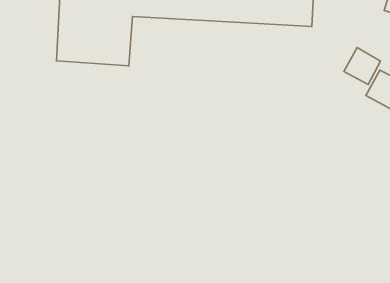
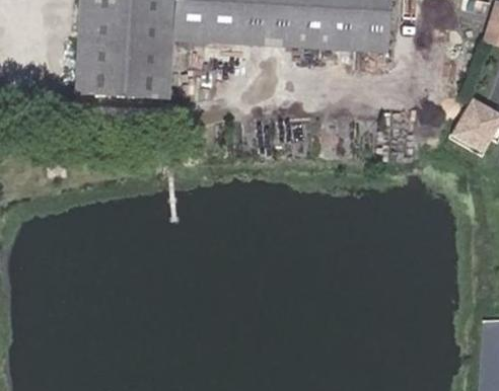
building: [344,47,381,85] -> none

